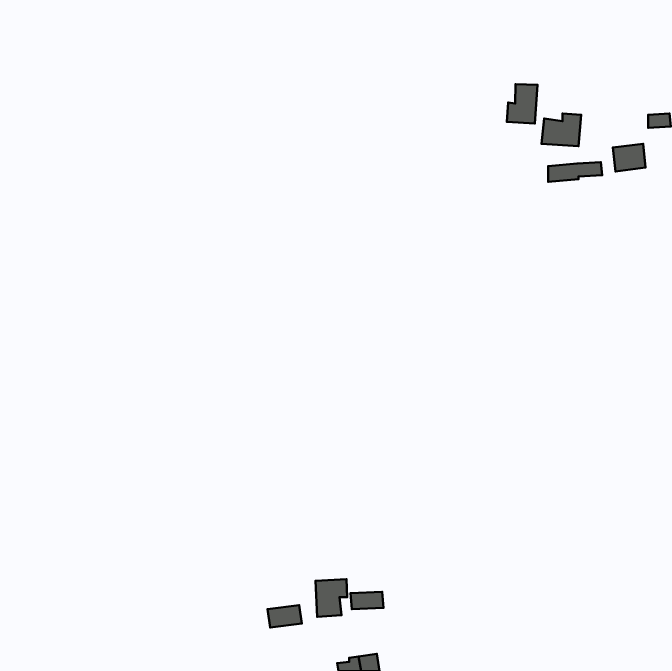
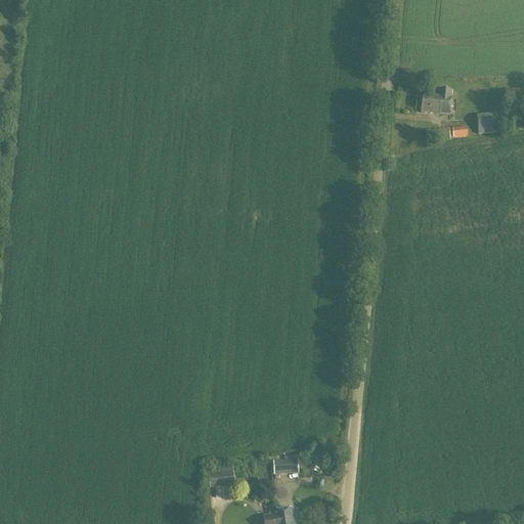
building: [507,84,537,123] -> none
building: [316,579,347,617] -> none

